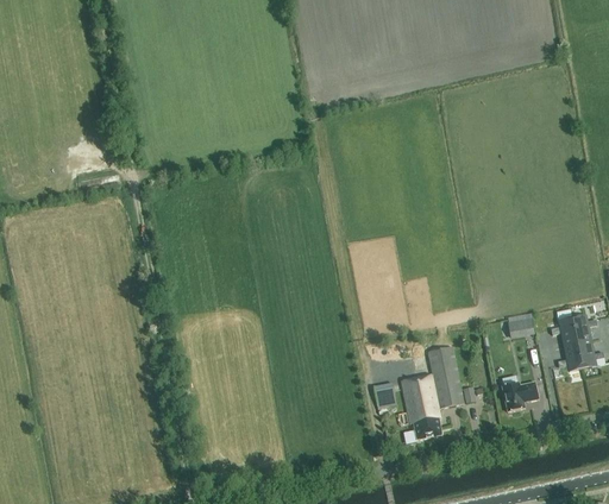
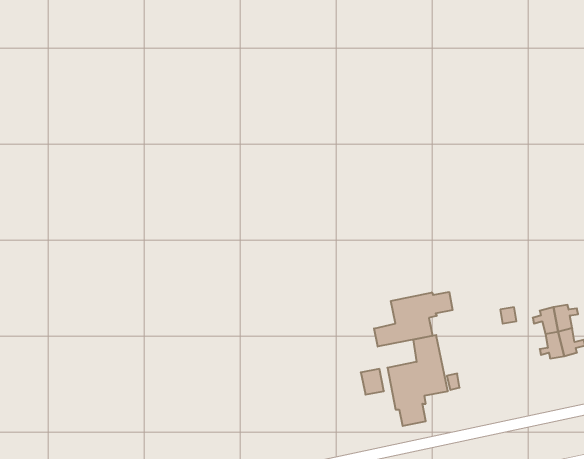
building: none -> [374,292,453,347]
building: [502,380,539,410] -> none

